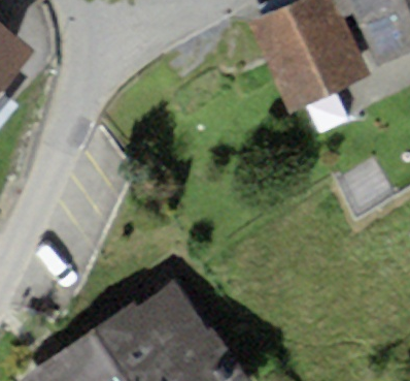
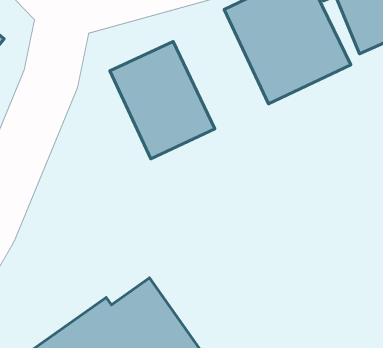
building: none -> [110,42,215,159]

